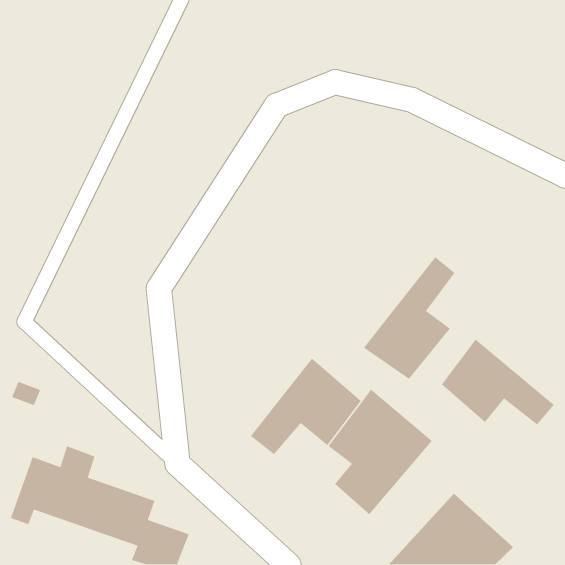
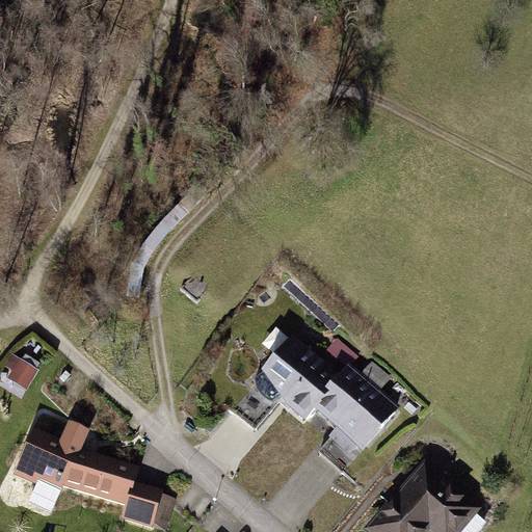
building: [363,256,456,380] -> none
building: [441,338,555,425] -> none

